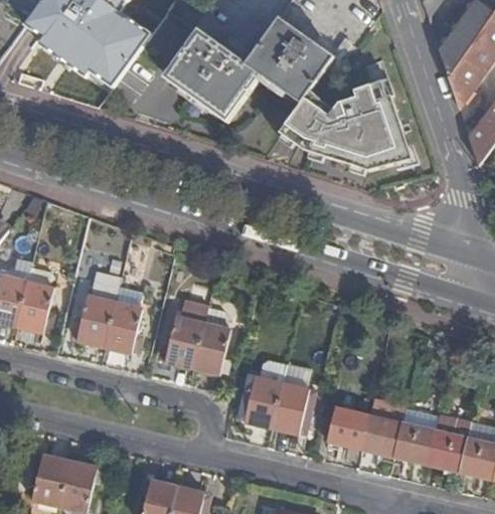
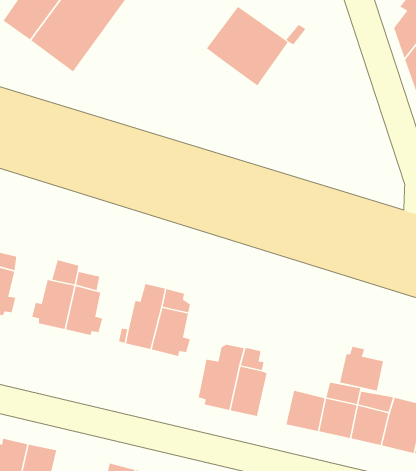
building: [166,34,262,122] -> none
building: [282,71,424,167] -> none
building: none -> [339,346,384,391]

